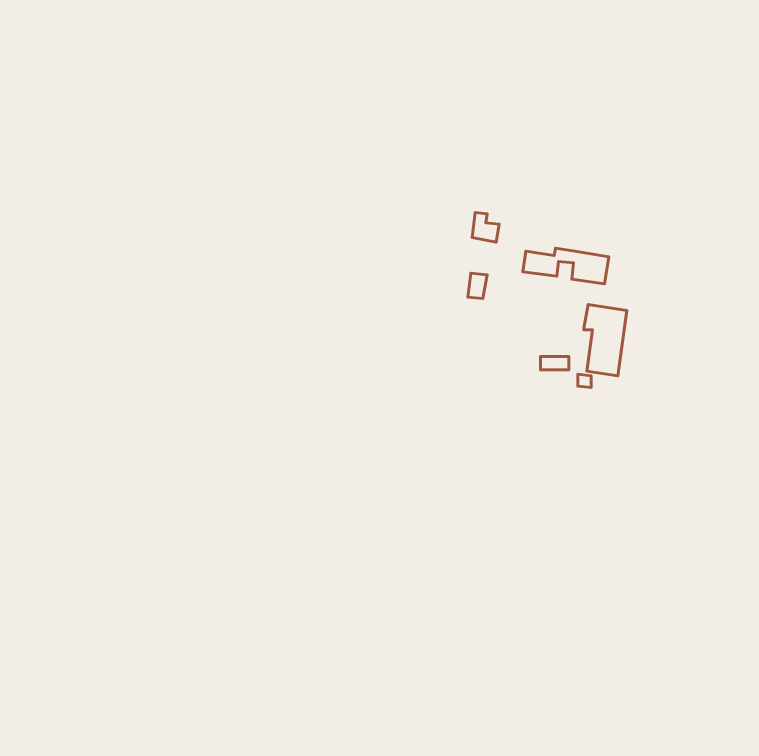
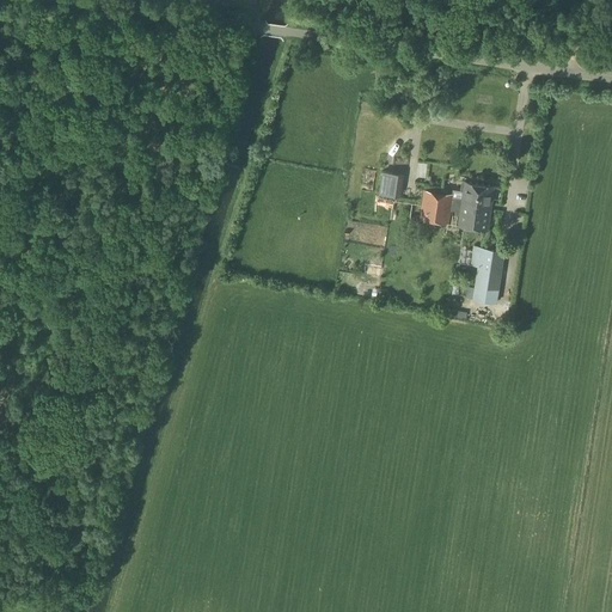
building: none -> [423,184,494,209]

